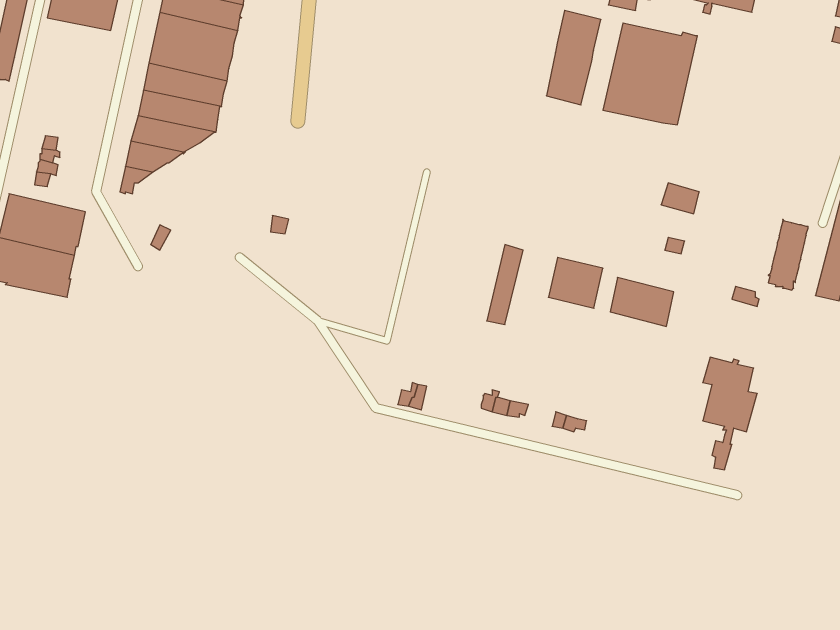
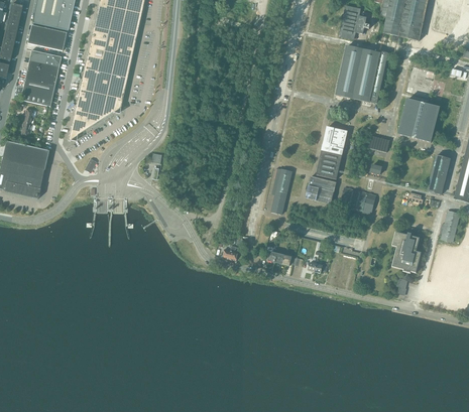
building: [546,10,601,105] -> [317,126,347,178]
building: none -> [20,49,61,106]
building: none -> [398,98,440,141]
building: none -> [440,209,460,241]

